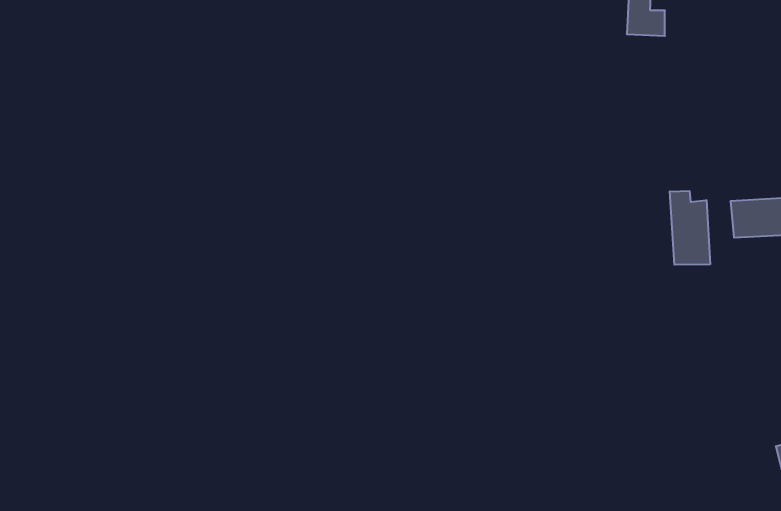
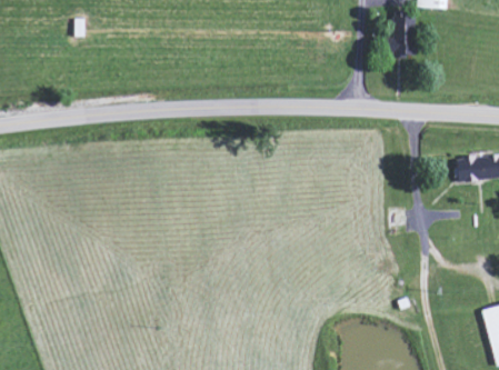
building: [670,191,710,265] -> none

